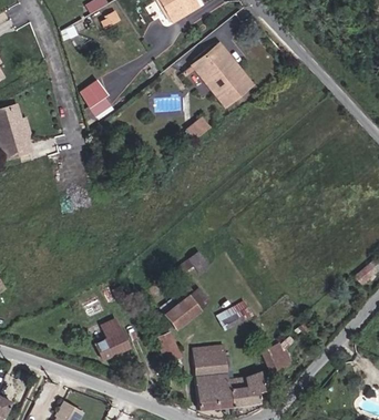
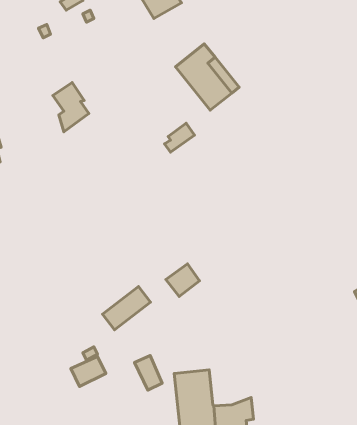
building: [164,287,208,327] -> [103,287,151,330]
building: [216,300,252,329] -> none
building: [260,342,289,371] -> none

